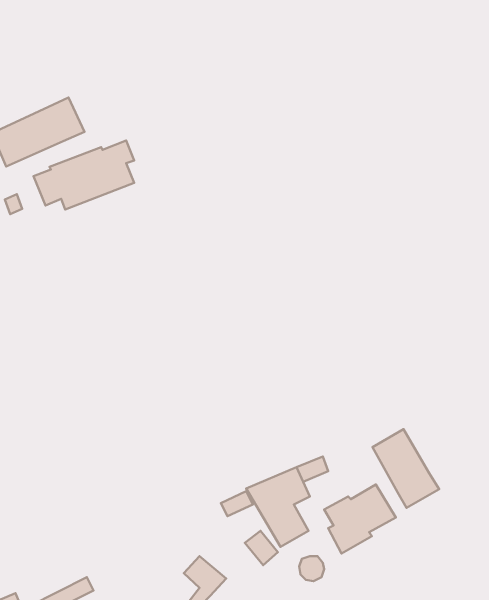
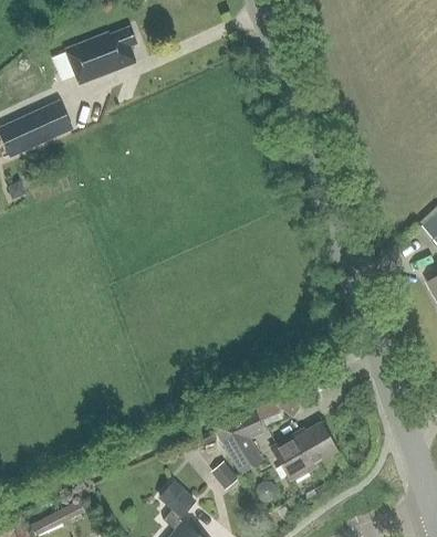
building: [33,140,134,209] -> [52,27,136,84]
building: [373,429,439,508] -> none

